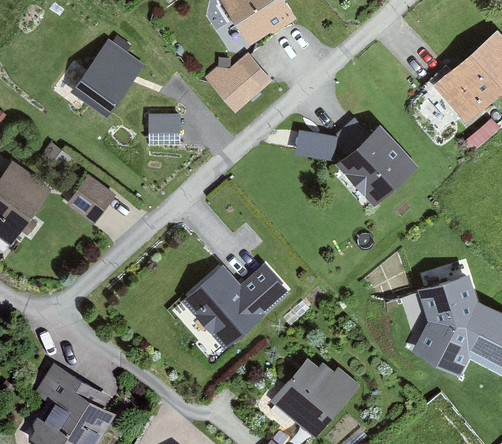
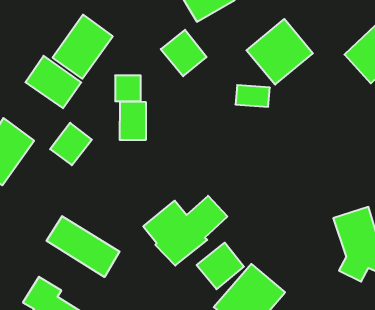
building: none -> [25,56,81,108]
building: [336,126,419,208] -> [246,19,313,85]
building: none -> [120,101,146,140]
building: none -> [47,216,120,277]
building: none -> [197,243,244,289]

